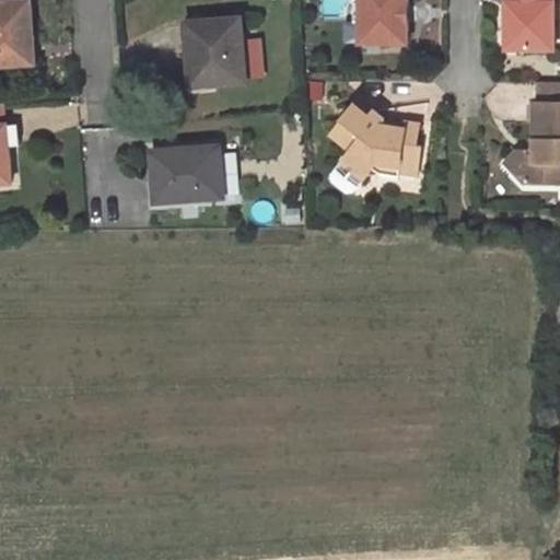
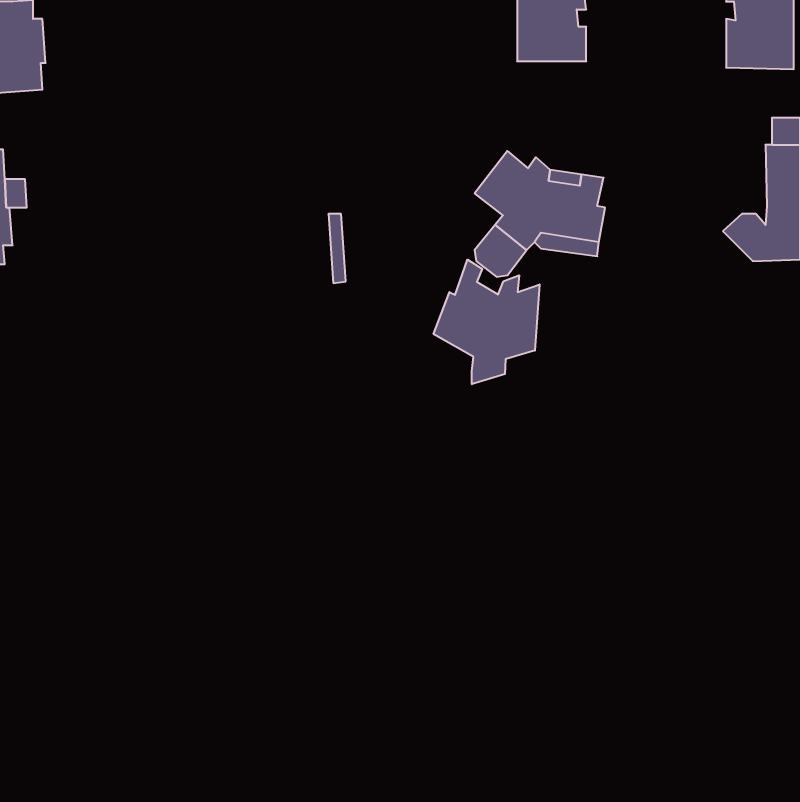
building: [186,18,244,85] -> none
building: [152,148,223,201] -> none
building: none -> [434,260,540,384]

